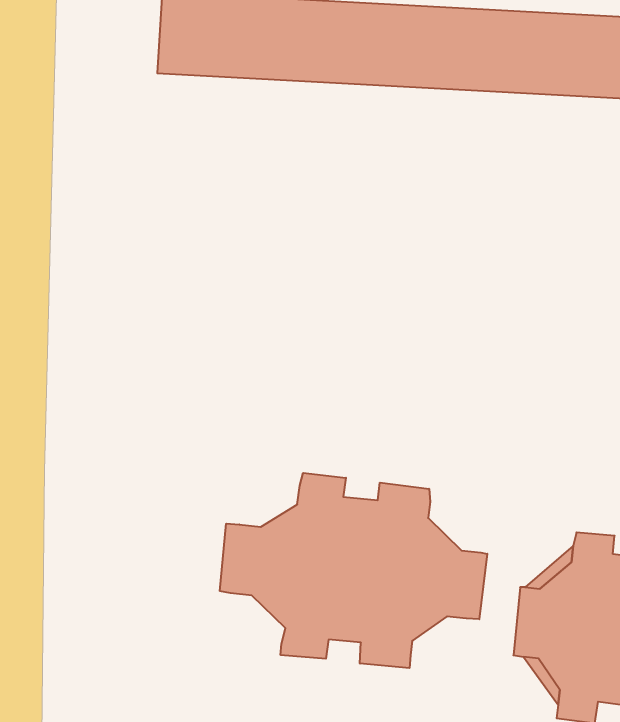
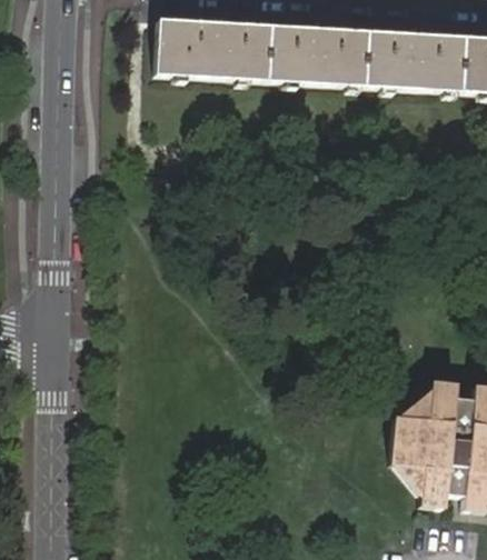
building: [220,473,487,668] -> none

